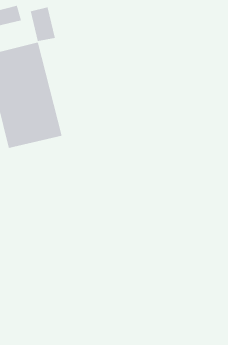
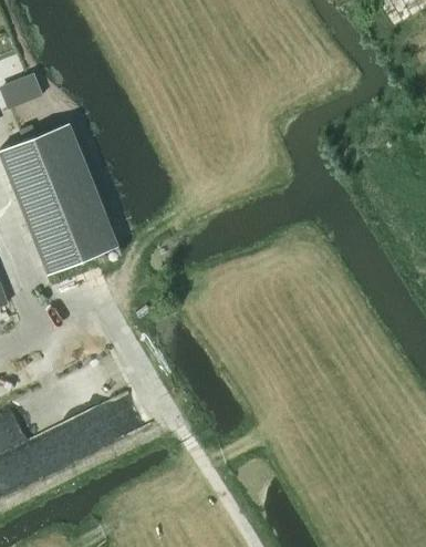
building: [30,7,56,42] -> none

